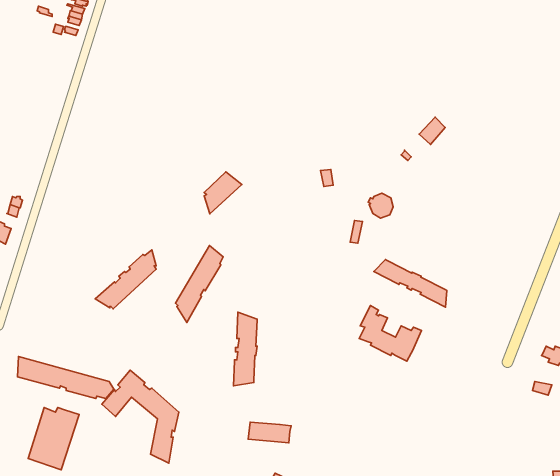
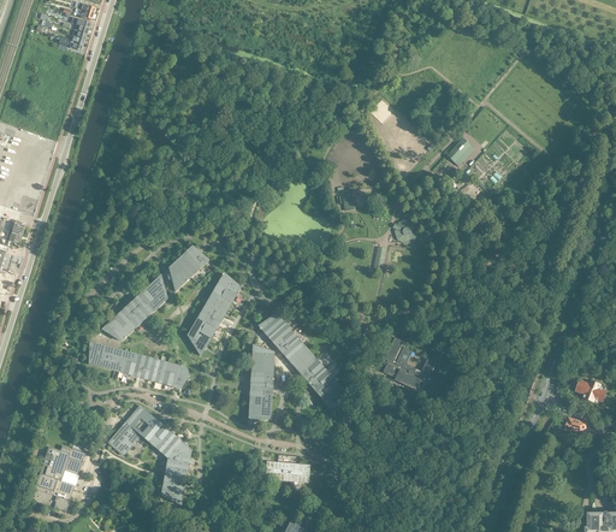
building: [204,172,242,214] -> [168,246,208,290]
building: [374,259,447,307] -> none
building: none -> [257,313,345,412]
building: [18,356,114,398] -> [88,339,190,384]

